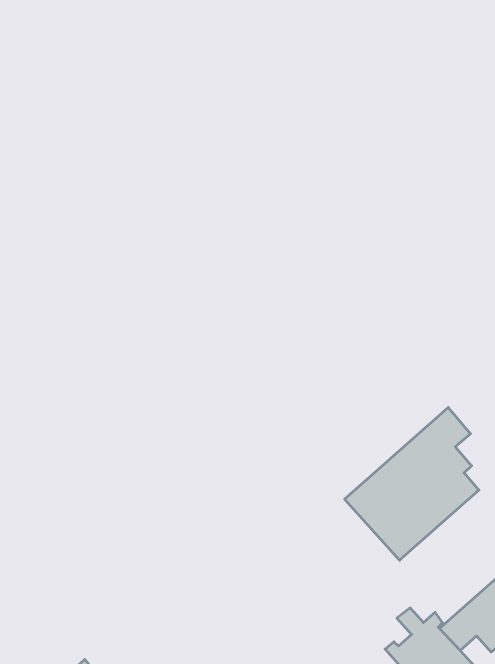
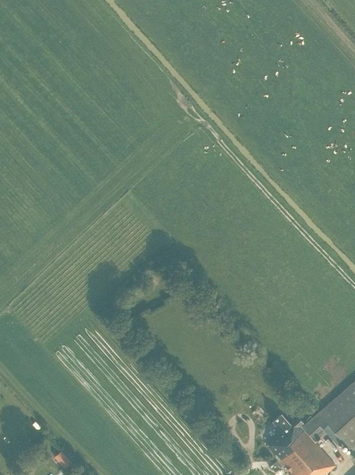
building: [345,407,479,560] -> none

